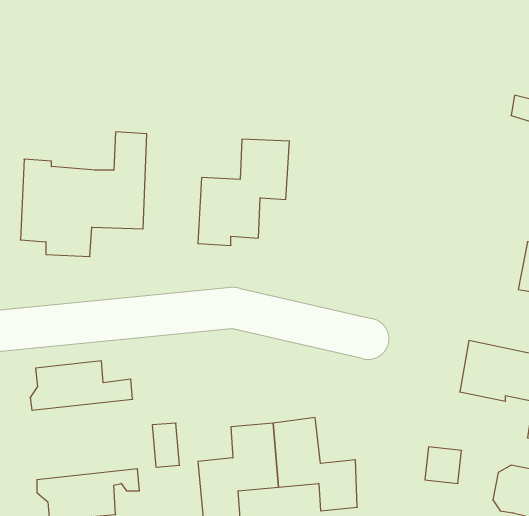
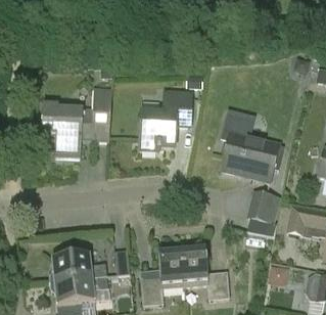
building: none -> [222,116,279,181]
building: none -> [245,190,281,237]
building: [30,361,133,410] -> [49,255,106,282]

